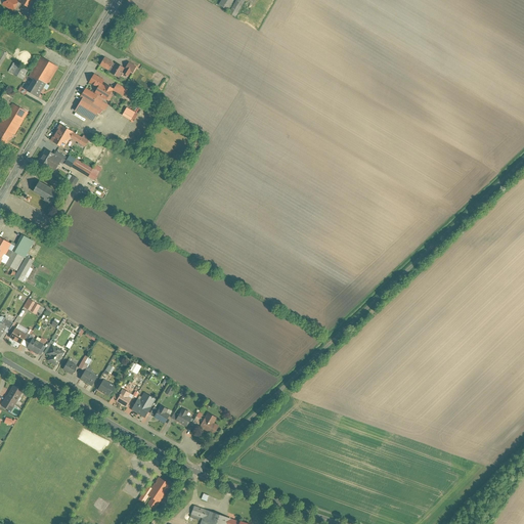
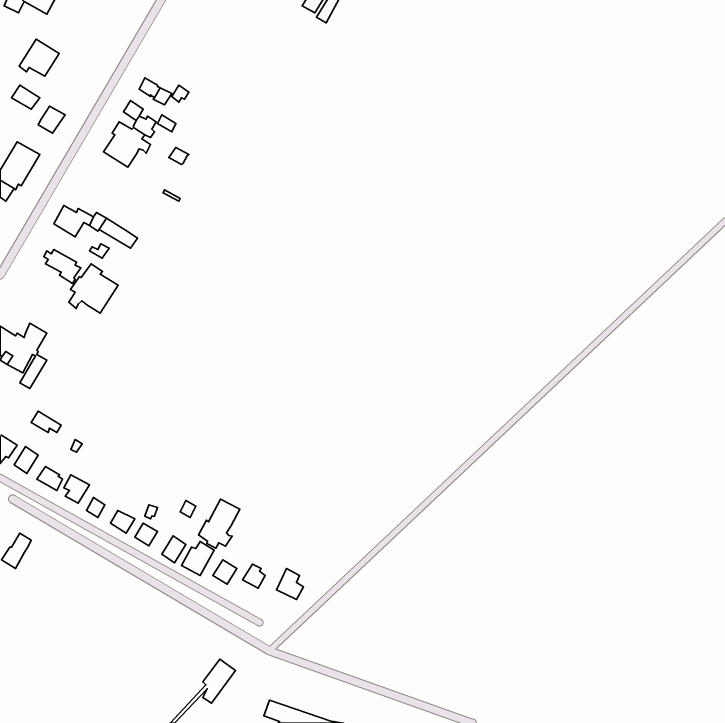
building: [29,56,57,83] -> [19,39,59,76]
building: [50,123,90,146] -> none
building: none -> [69,264,118,313]
building: none -> [198,499,240,548]

